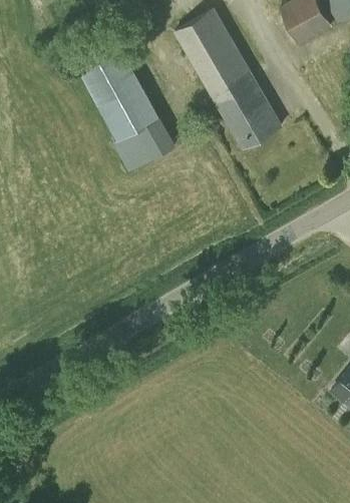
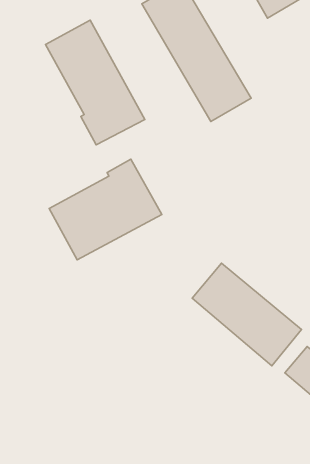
building: none -> [49,159,162,260]
building: none -> [192,263,302,366]

